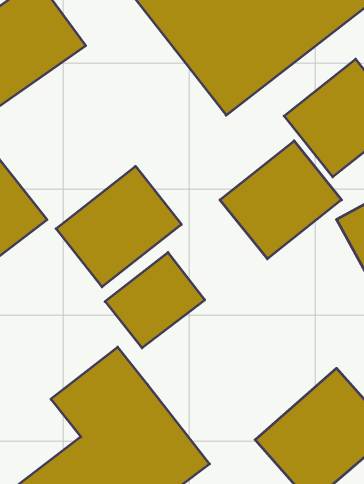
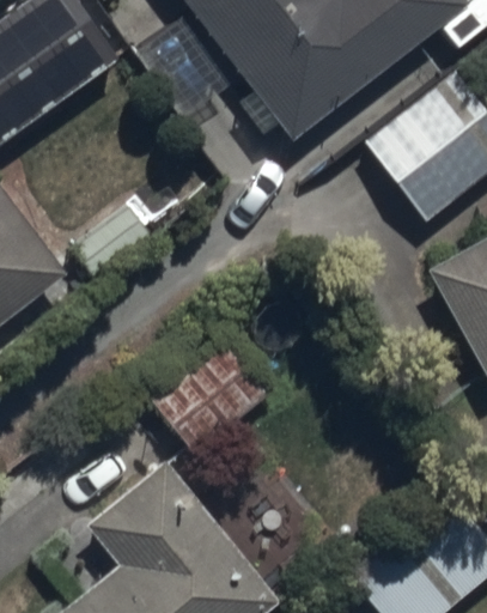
building: [220,141,342,259] -> none
building: [56,166,181,287] -> none

